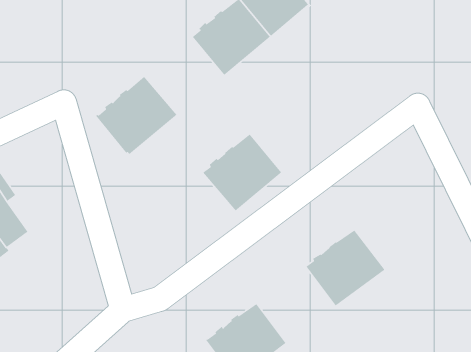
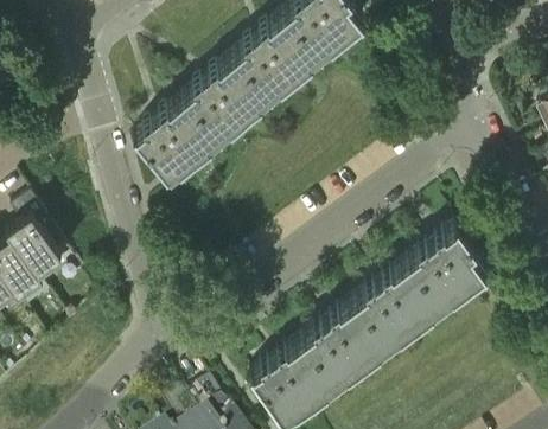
building: [202,133,282,211] -> [186,52,272,135]
building: none -> [410,222,486,300]
building: none -> [306,296,390,378]

